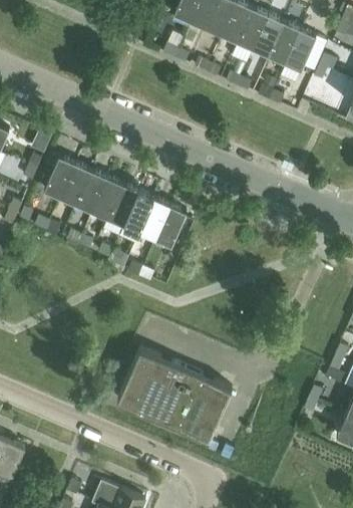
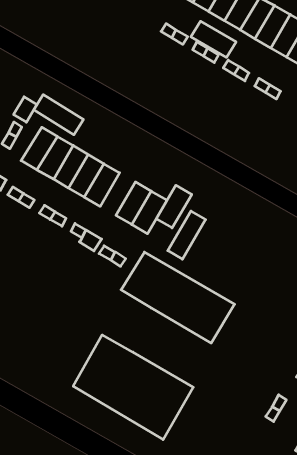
building: none -> [191,21,236,57]
building: none -> [34,95,83,135]
building: [123,192,154,233] -> [156,185,192,228]
building: none -> [168,211,206,259]
building: none -> [121,252,235,343]

